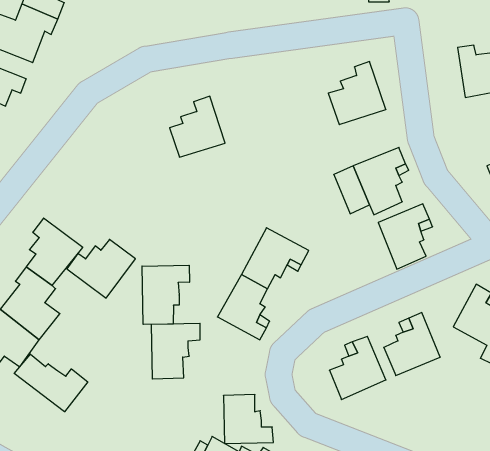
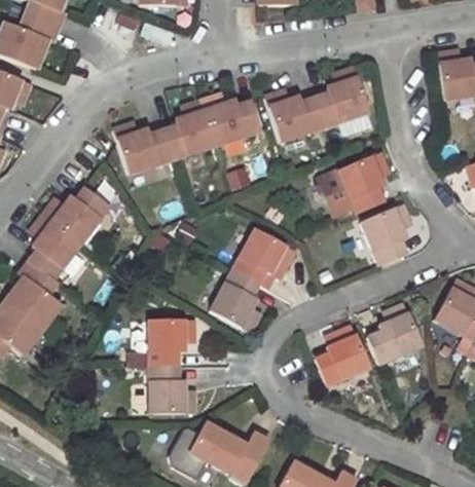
building: none -> [266,92,326,143]
building: none -> [204,96,262,145]
building: none -> [113,125,175,175]
building: [67,239,135,298] -> [46,188,111,244]
building: [142,265,189,324] -> none
building: [14,354,88,412] -> none
building: [223,395,273,443] -> [149,367,196,413]

